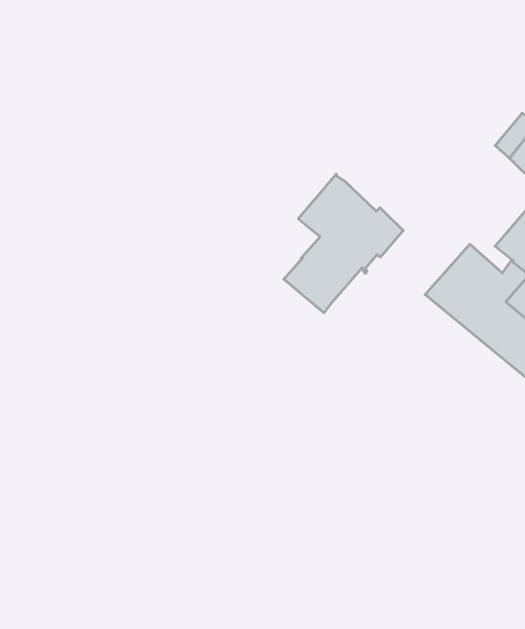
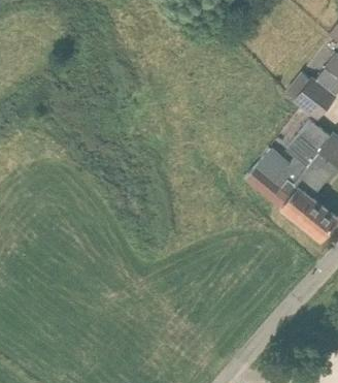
building: [284,174,403,313] -> none

